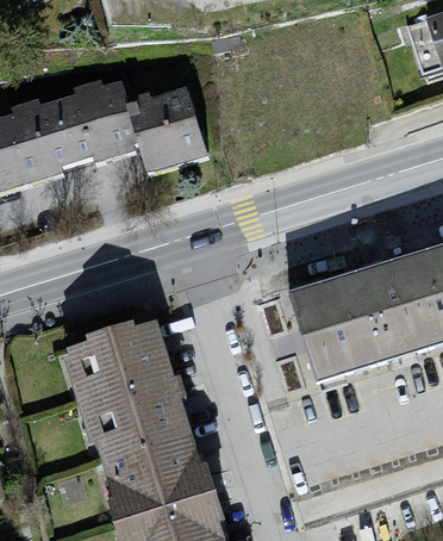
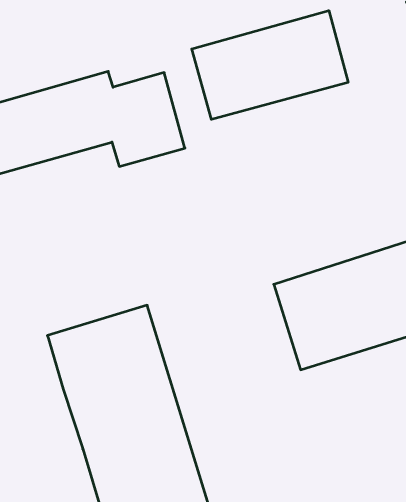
building: none -> [192,11,348,119]

